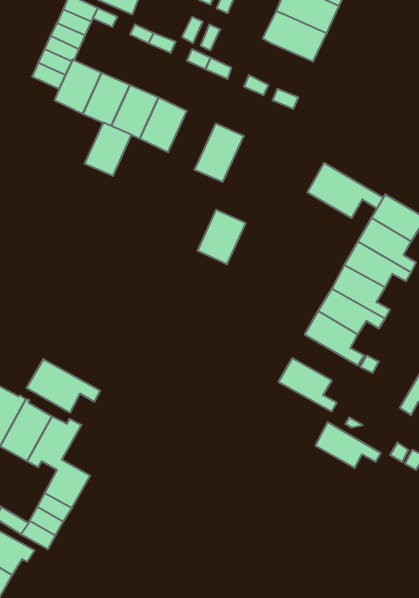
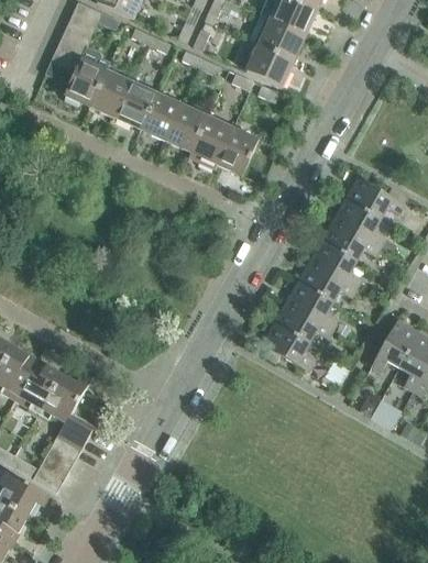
building: none -> [245,43,294,86]
building: [85,123,132,176] -> [165,103,207,151]
building: [307,163,383,218] -> none
building: [197,210,246,264] -> [216,125,259,174]
building: [27,359,100,413] -> none
building: [315,422,381,468] -> [275,301,333,342]

